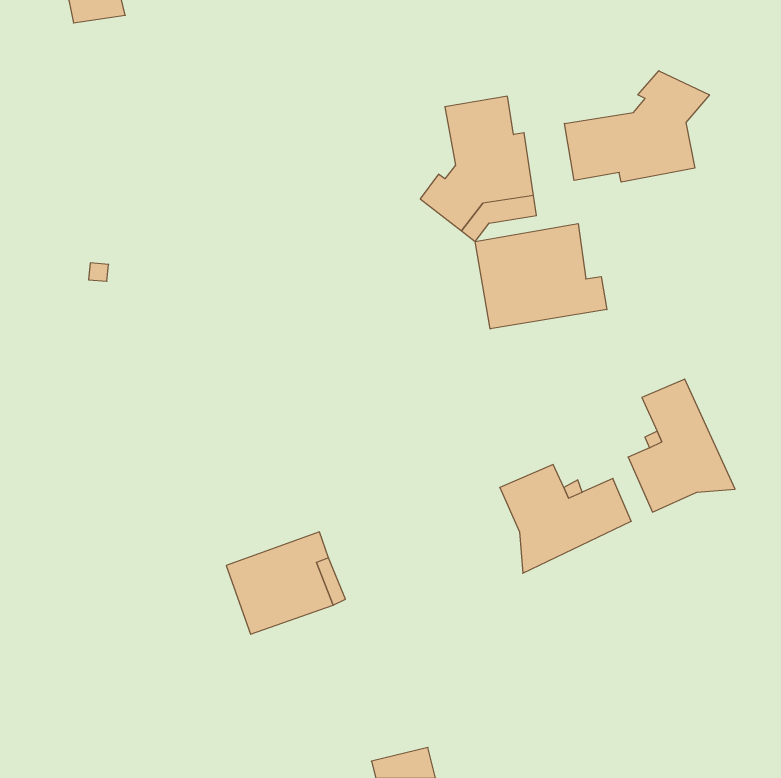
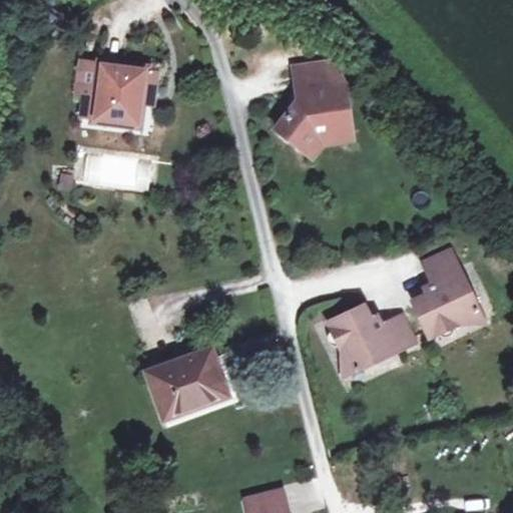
building: [564,71,709,182] -> none
building: none -> [77,61,143,123]
building: [475,224,607,329] -> none

